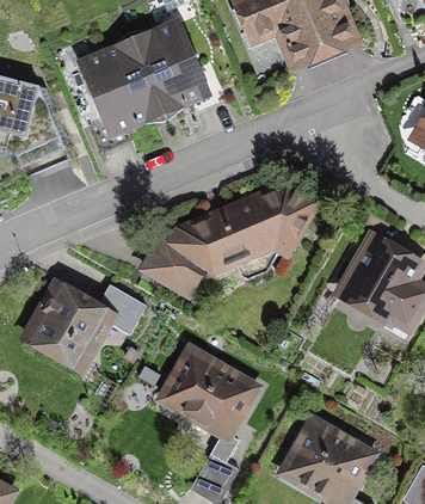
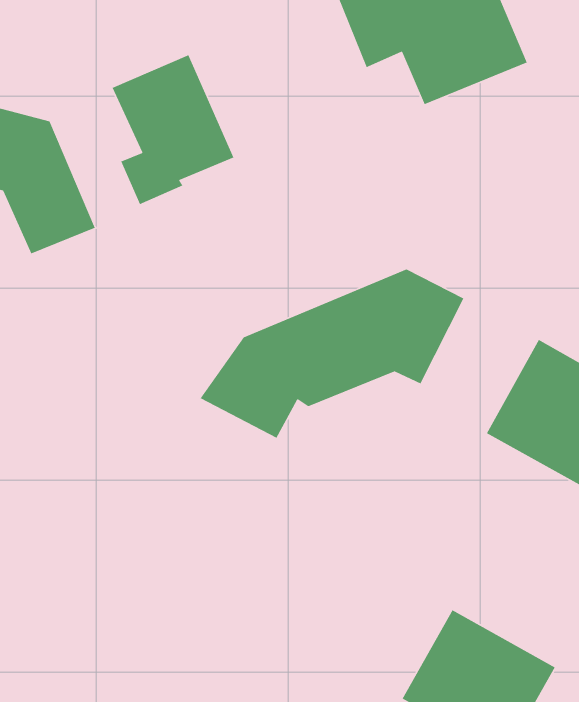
building: [131,18,222,107] -> none
building: [25,279,144,365] -> none
building: [155,345,263,444] -> none

